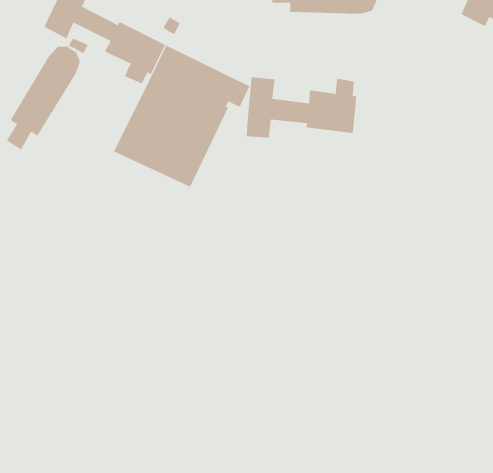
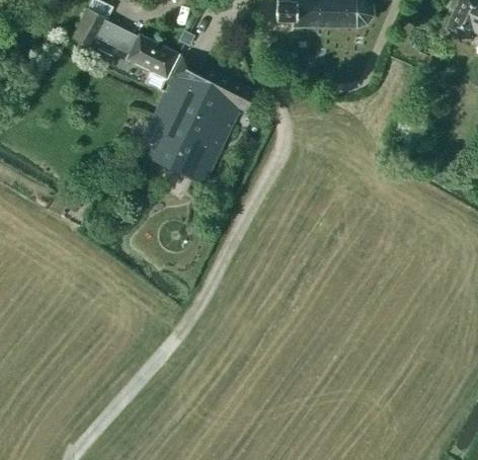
building: [6,46,80,150] -> none
building: [246,76,357,138] -> none

